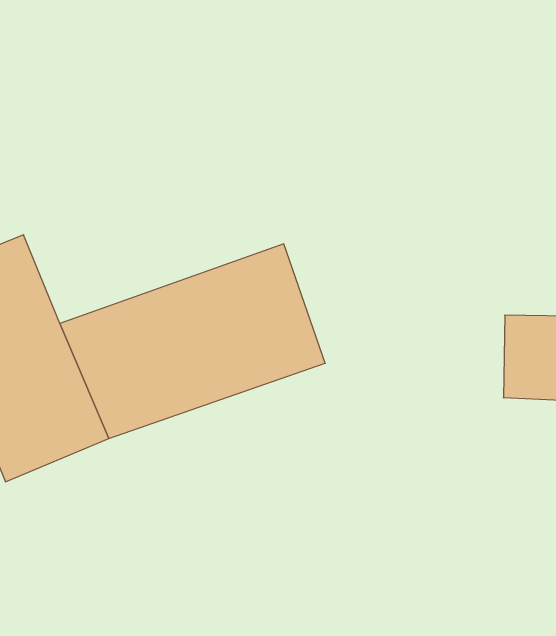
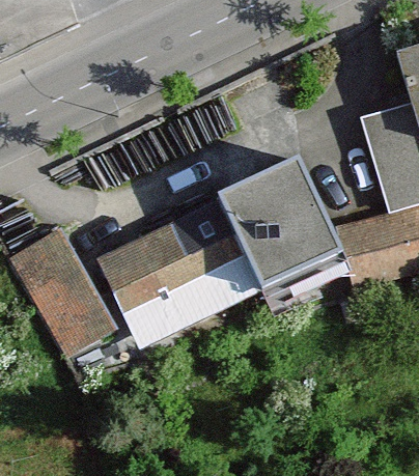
building: none -> [214,153,350,284]

